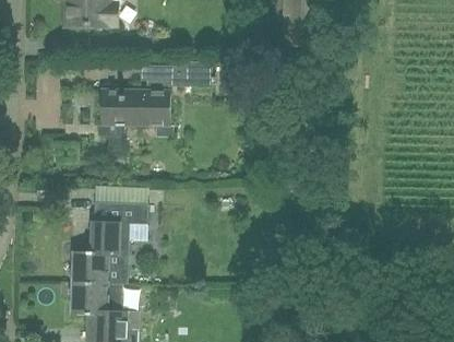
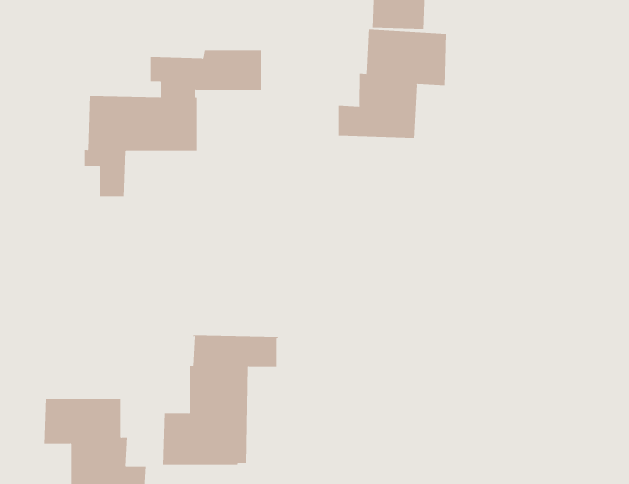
building: none -> [338,29,446,139]
building: [72,201,147,285] -> [162,335,279,465]

